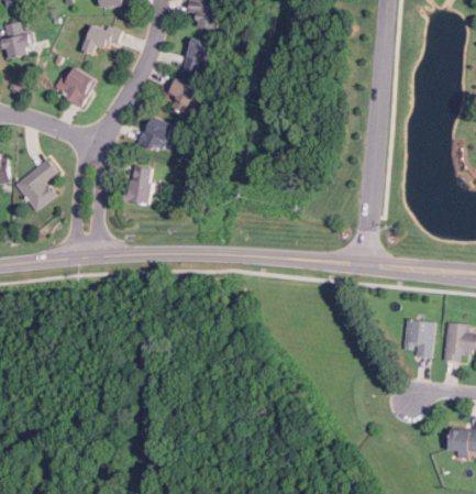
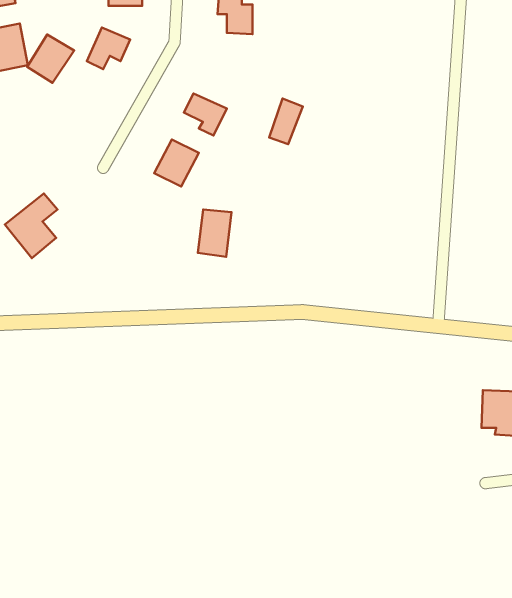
building: [180,36,208,74] -> [269,98,303,144]
building: [57,67,96,107] -> [27,34,74,83]
building: [125,166,153,205] -> [198,210,231,257]

